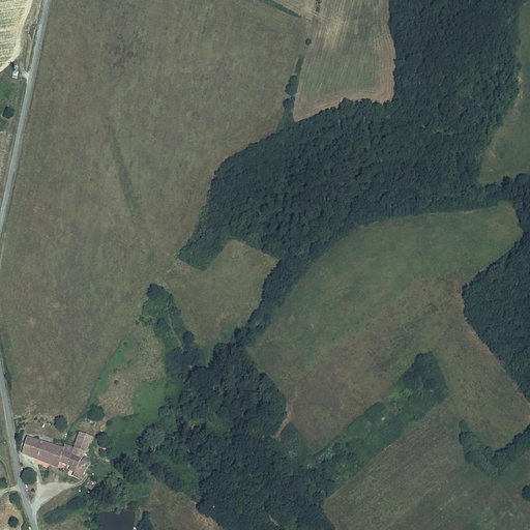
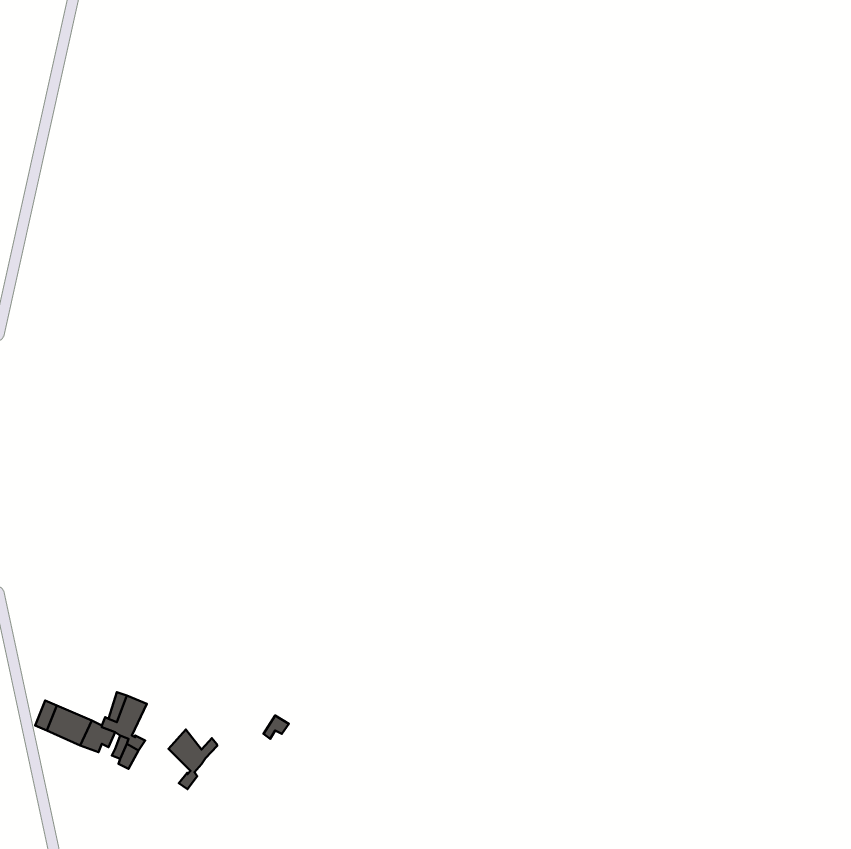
building: none -> [169,730,217,789]

